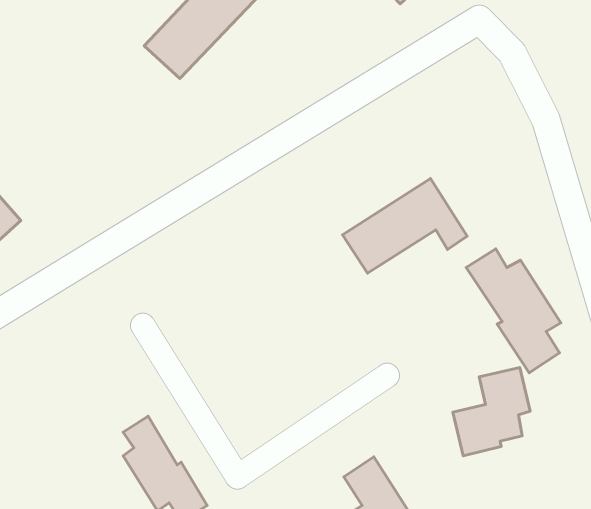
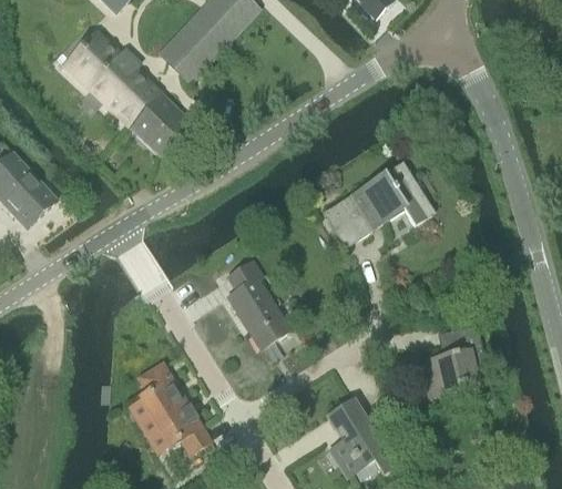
building: none -> [65,31,192,154]
building: [466,249,561,373] -> none
building: none -> [229,262,290,349]

